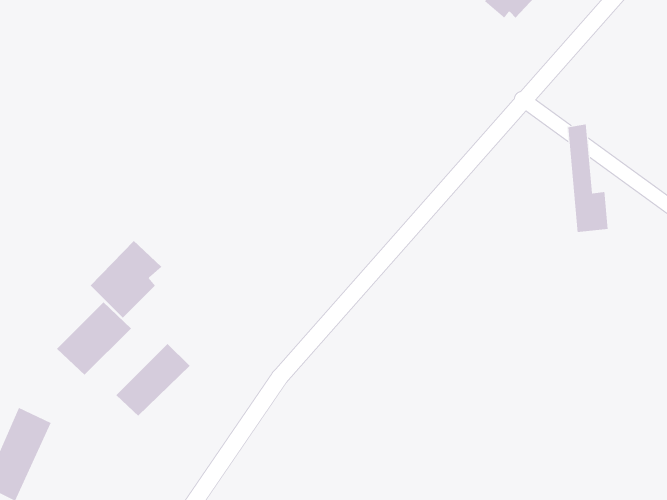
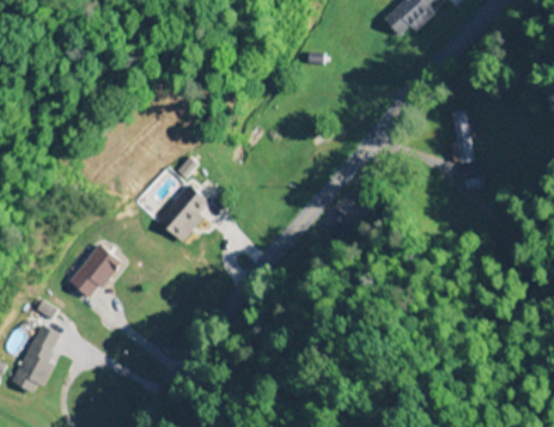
building: [90,240,162,319] -> [156,183,211,243]
building: [116,343,191,416] -> none

